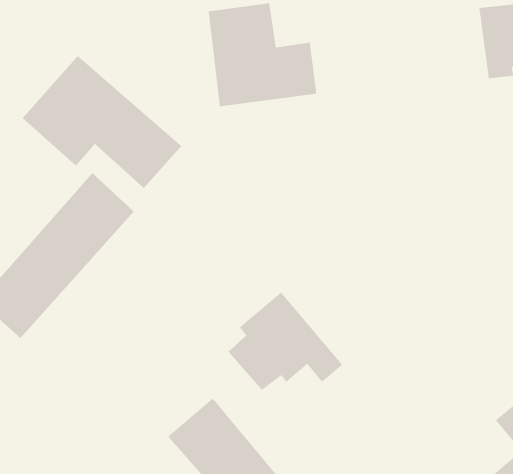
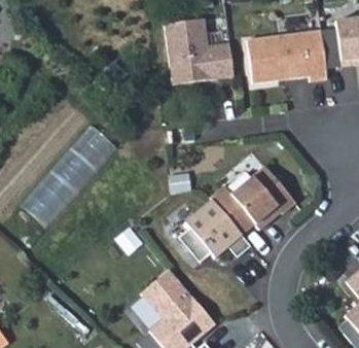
building: none -> [248,30,329,82]
building: [22,55,182,189] -> none
building: none -> [210,166,296,235]

